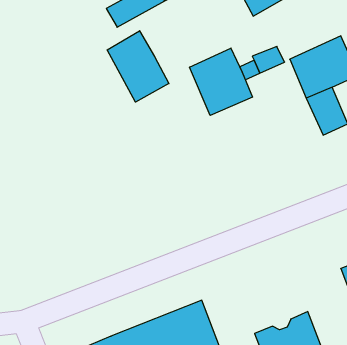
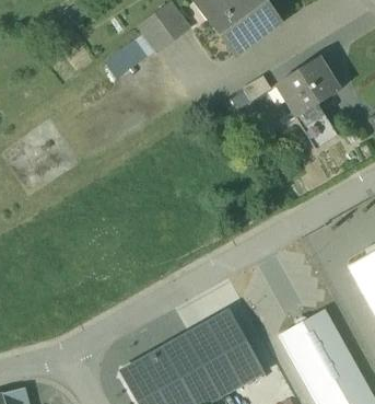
building: [107,31,169,102] -> none
building: [190,48,252,115] -> none

